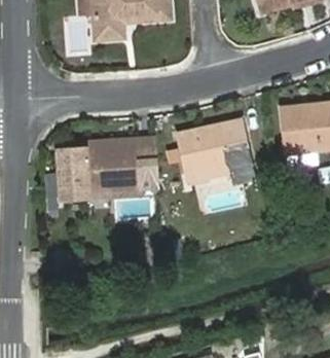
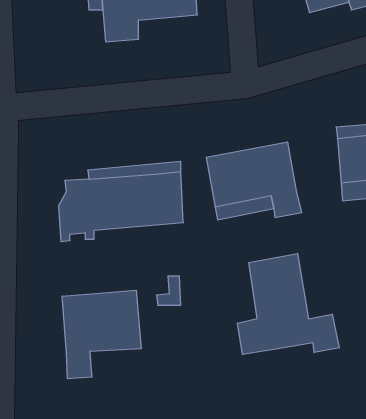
building: none -> [238,253,339,355]
building: none -> [62,290,141,379]

